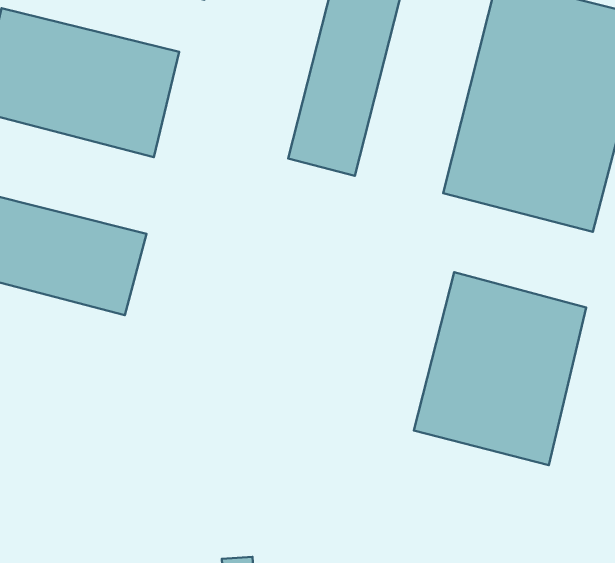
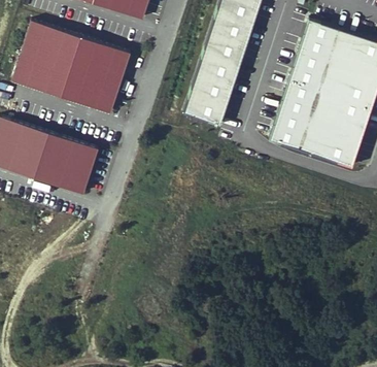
building: [414,272,586,465] -> none

